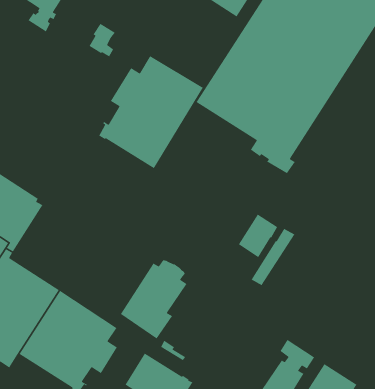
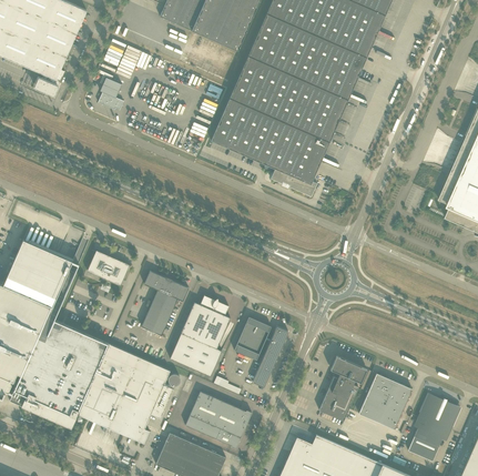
building: [98,55,204,169] -> none
building: none -> [88,251,129,285]
building: [238,213,295,286] -> [234,316,288,386]
building: none -> [142,270,189,335]

